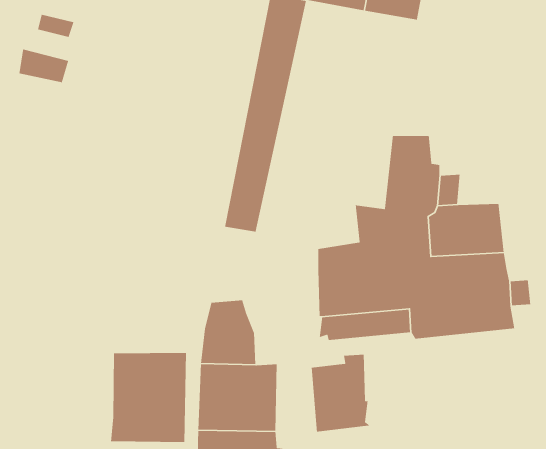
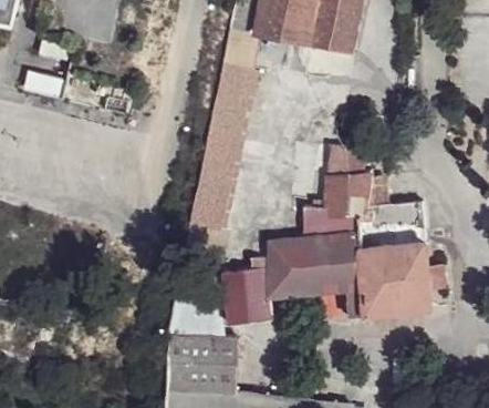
building: [110,352,187,443] -> none
building: [311,354,371,433] -> [226,257,275,323]

